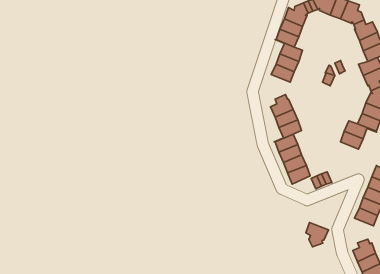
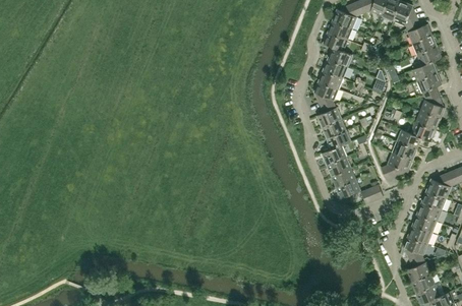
building: none -> [314,81,339,108]
building: none -> [382,154,412,180]
building: [306,222,329,247] -> [404,236,428,262]

